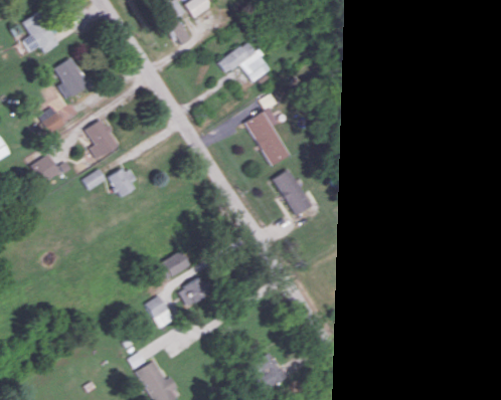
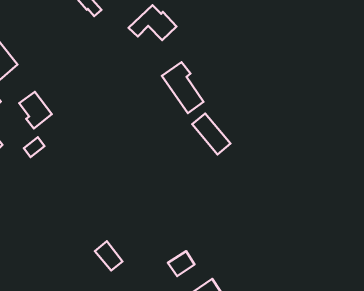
building: [109,167,138,197] -> none
building: [158,251,189,277] -> none
building: [178,279,207,306] -> [168,251,194,276]

